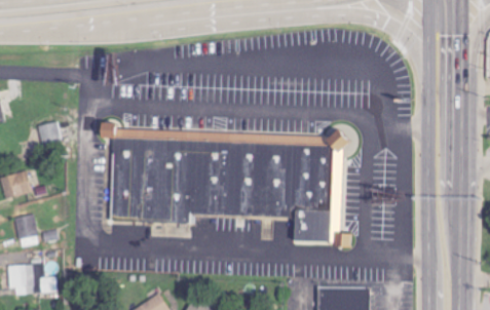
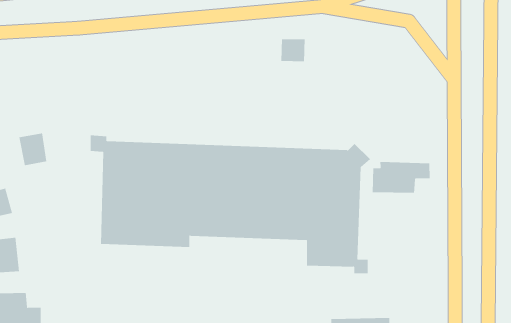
building: none -> [281,39,305,62]
building: none -> [372,161,430,193]

